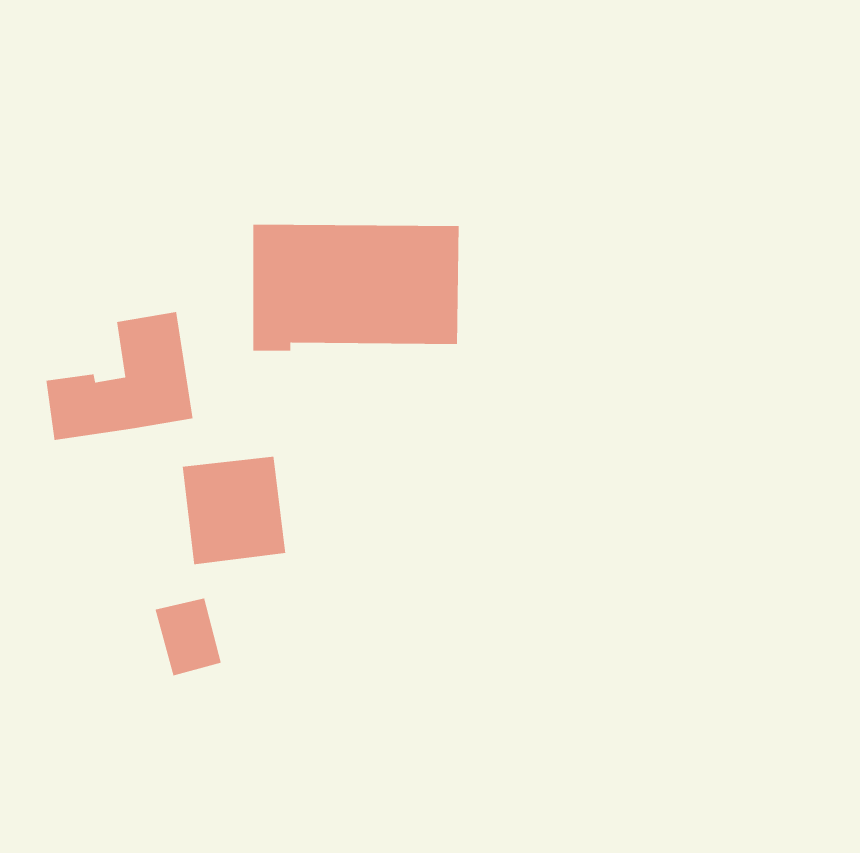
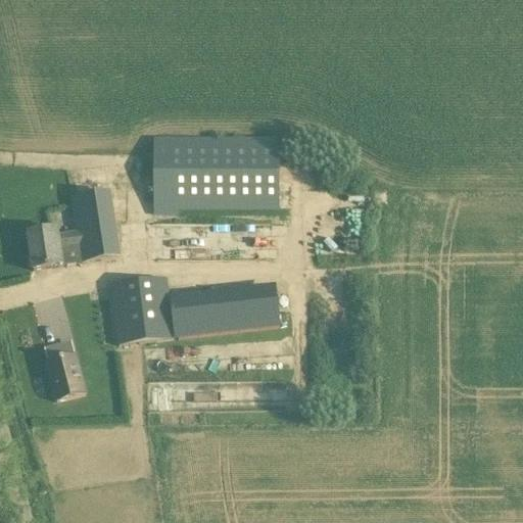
building: none -> [173,288,280,336]
building: [154,597,222,677] -> [45,352,86,400]

